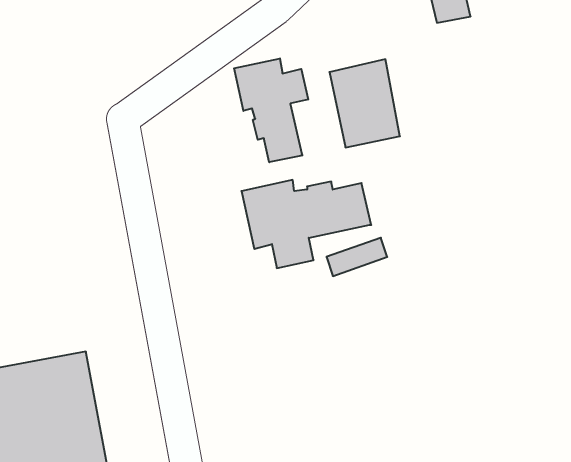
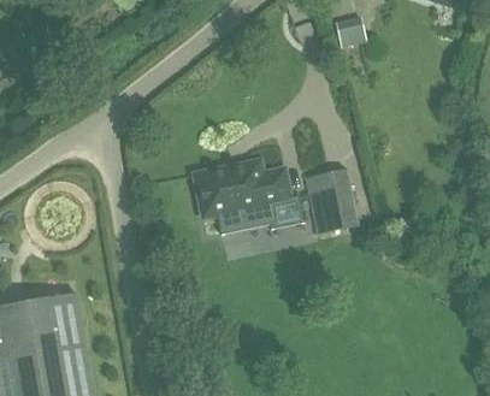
building: [234,58,308,162] -> none
building: [329,59,400,147] -> [302,167,355,234]

